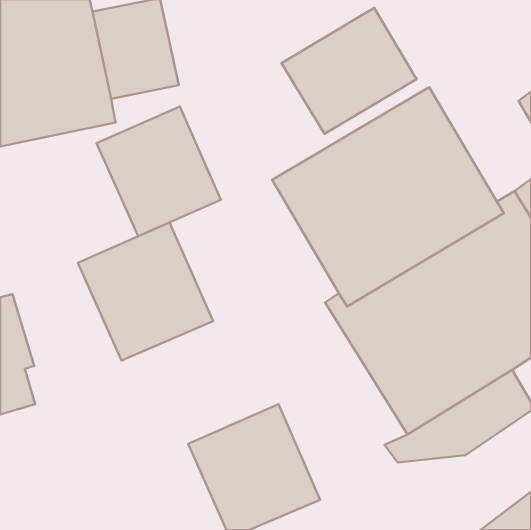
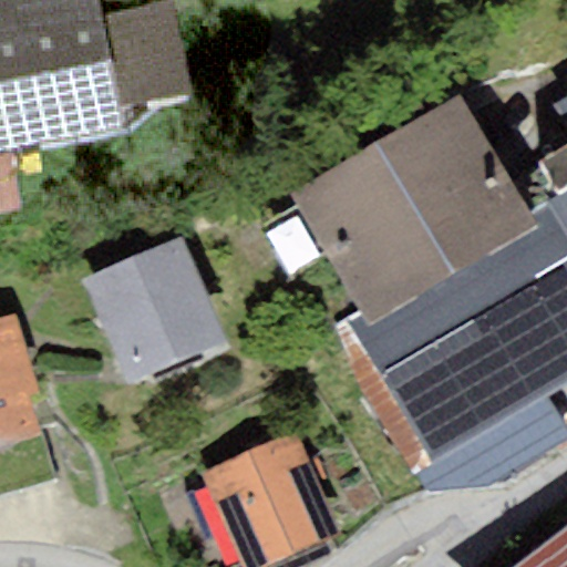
building: [281,8,416,134] -> none
building: [96,106,221,236] -> none

